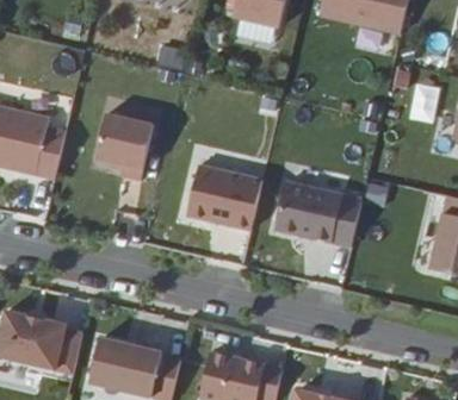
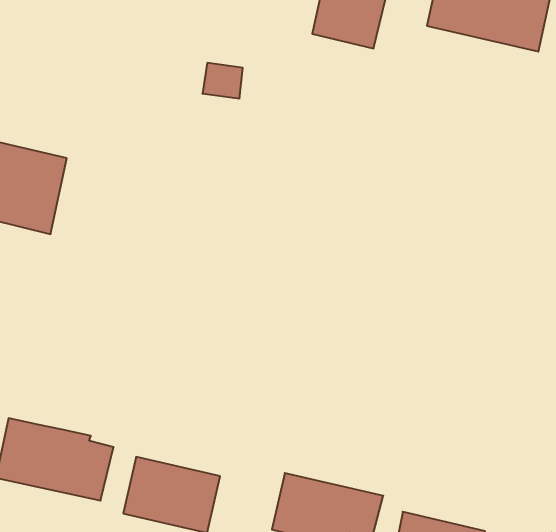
building: [97,113,154,180] -> none
building: [186,167,262,231] -> none
building: [276,182,344,242] -> none

